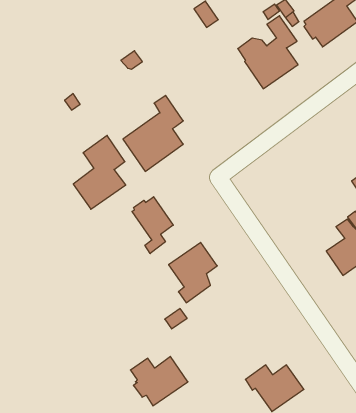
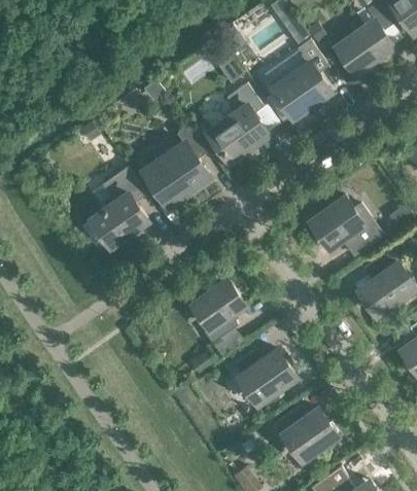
building: none -> [208,84,268,163]
building: none -> [310,198,382,257]
building: [132,197,173,254] -> none
building: [130,356,188,406] -> [234,351,294,404]

